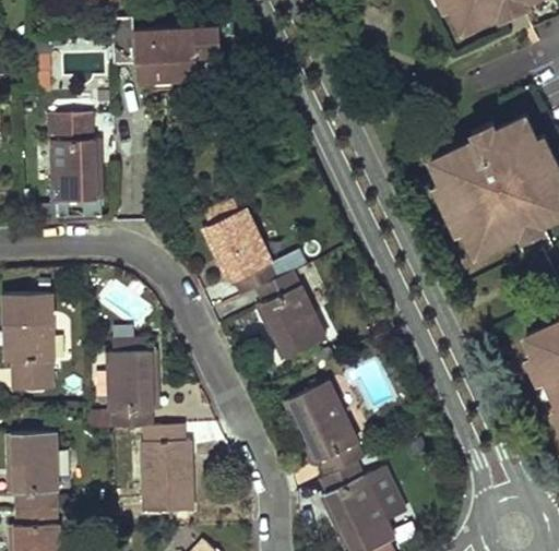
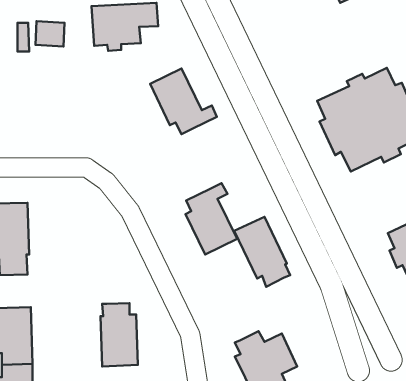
building: [50,116,99,203] -> none
building: [202,211,290,298] -> [150,68,217,134]
building: [112,337,162,429] -> none
building: [288,383,362,476] -> [234,217,290,287]

